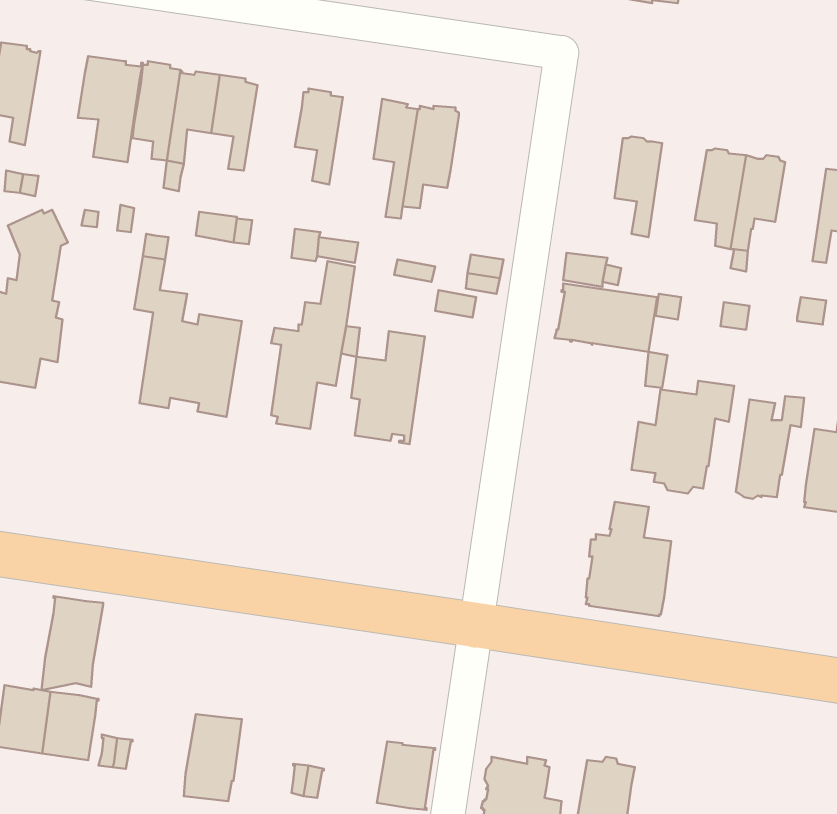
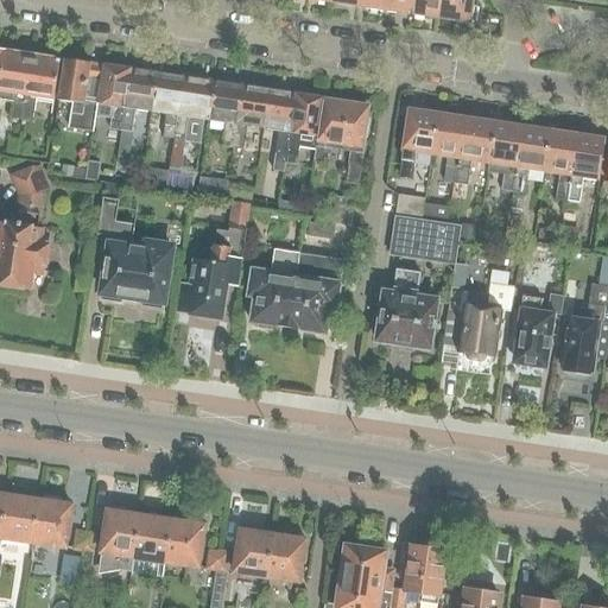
building: none -> [21,53,59,120]
building: none -> [170,76,215,167]
building: none -> [233,84,270,148]
building: none -> [314,95,369,184]
building: none -> [400,107,437,178]
building: none -> [455,118,495,184]
building: none -> [543,129,578,200]
building: none -> [289,252,343,332]
building: [586,502,671,616] -> [376,268,436,348]
building: [42,596,103,690] -> [97,508,140,574]
building: none -> [166,518,205,565]
building: none -> [234,528,273,576]

